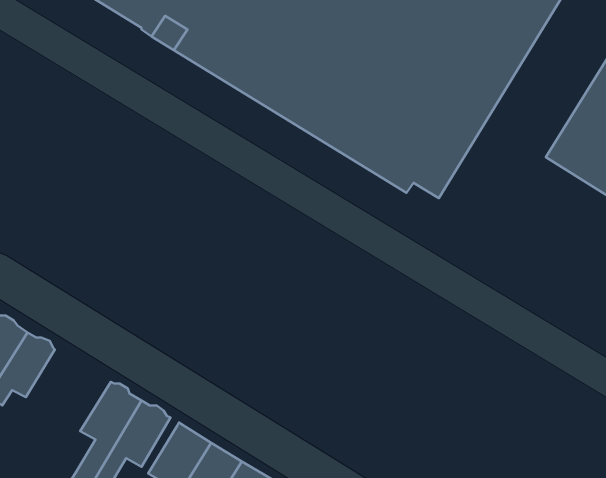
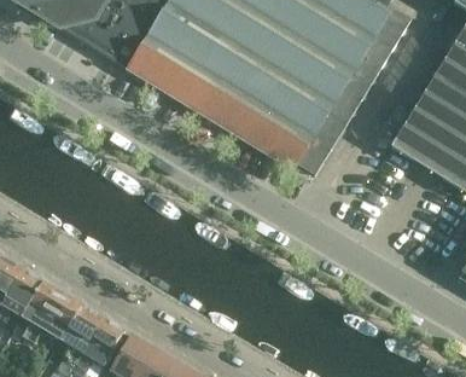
building: none -> [12,280,82,342]

